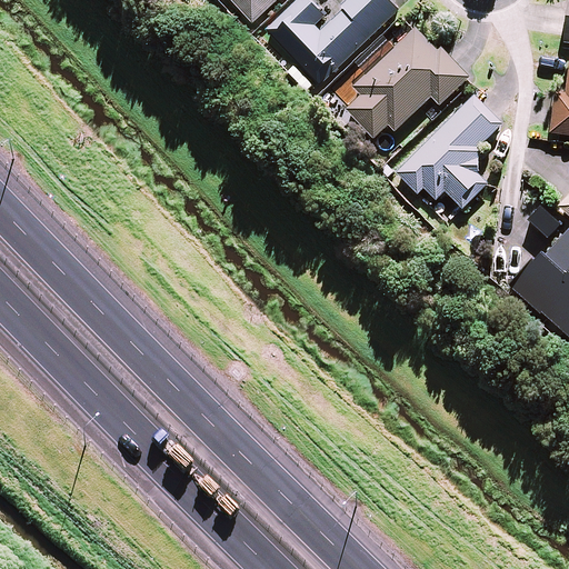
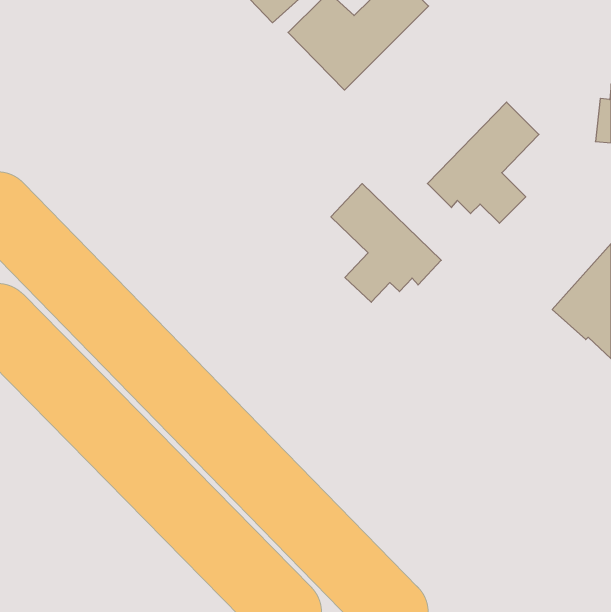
building: [346,24,468,137] -> none
building: none -> [331,184,441,302]

